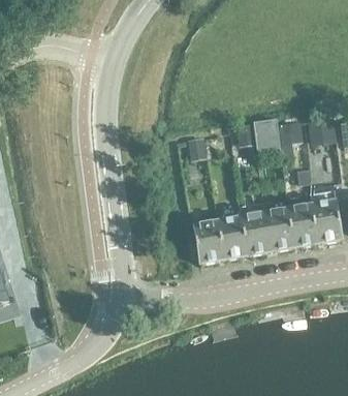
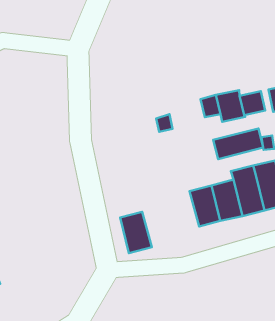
building: none -> [213,129,263,159]
building: [193,220,224,263] -> [120,212,152,253]

